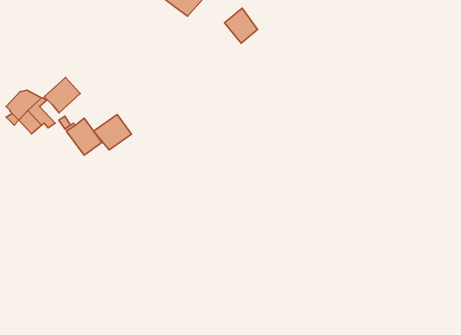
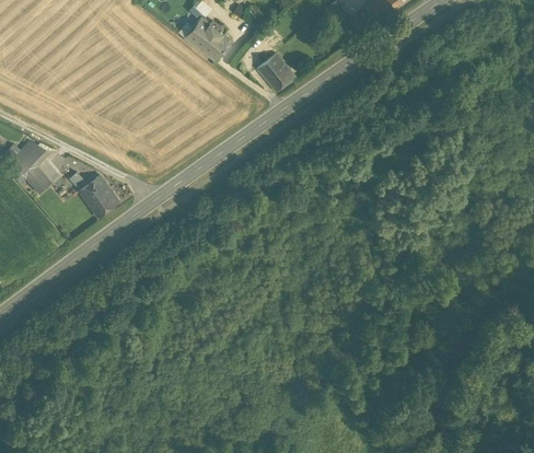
building: [45,78,80,113] -> none
building: [93,114,131,150] -> none

